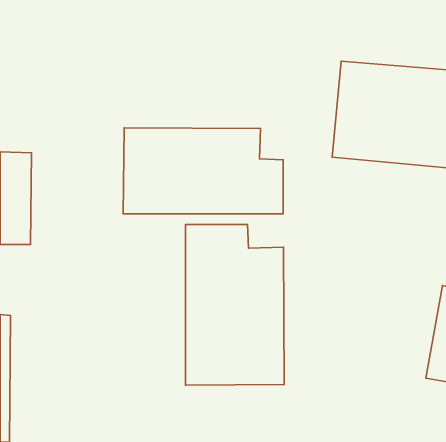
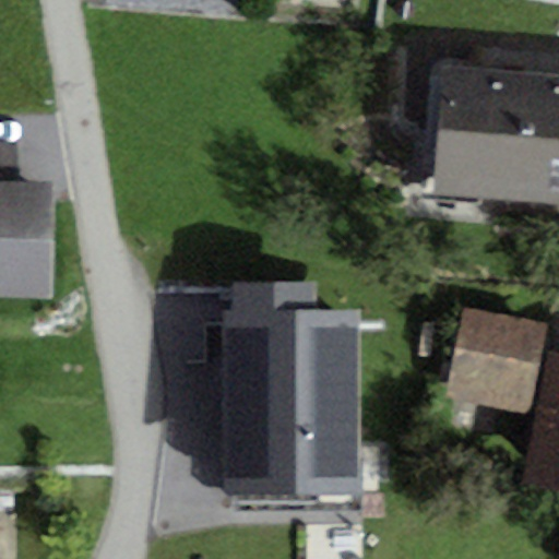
building: [123,128,283,214] -> none
building: none -> [455,307,542,397]

